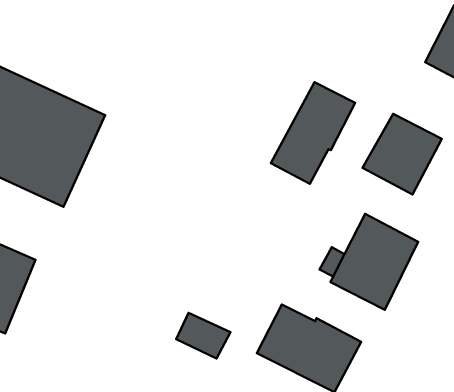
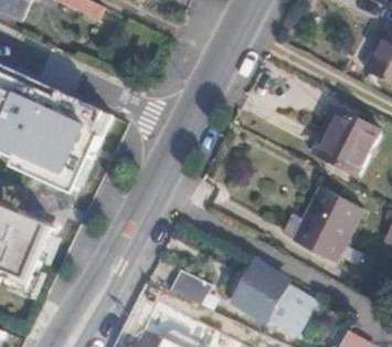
building: [271,82,355,184] -> none

